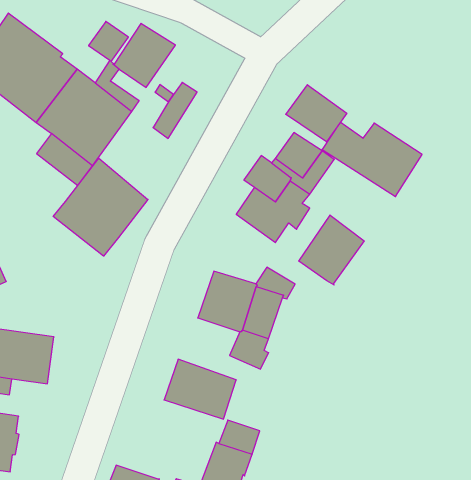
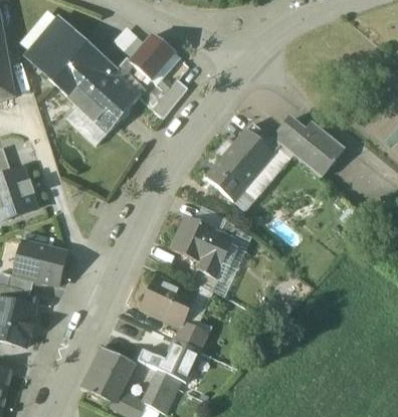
building: [286,85,347,142] -> none
building: [53,158,148,256] -> none
building: [299,215,364,285] -> none

